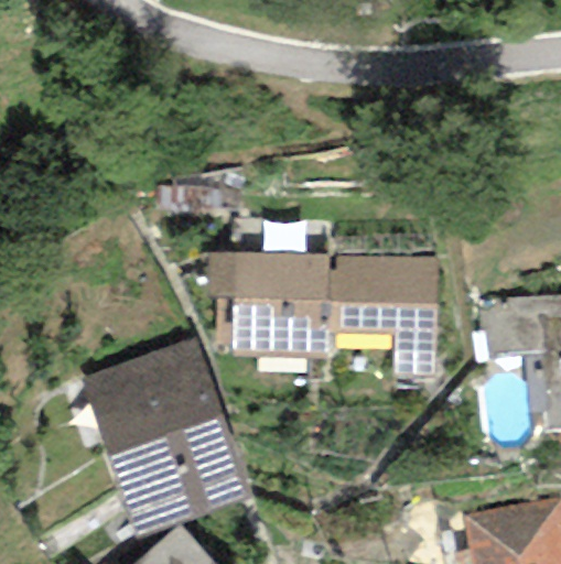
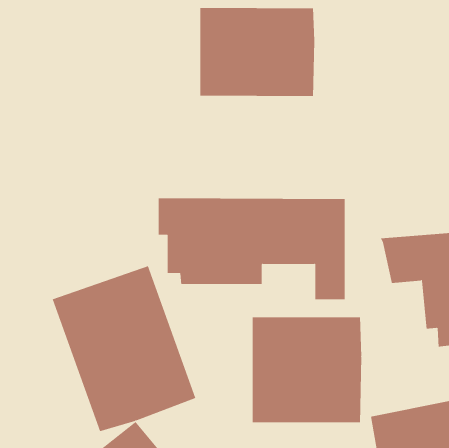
building: none -> [200,7,315,97]
building: none -> [252,316,362,423]

